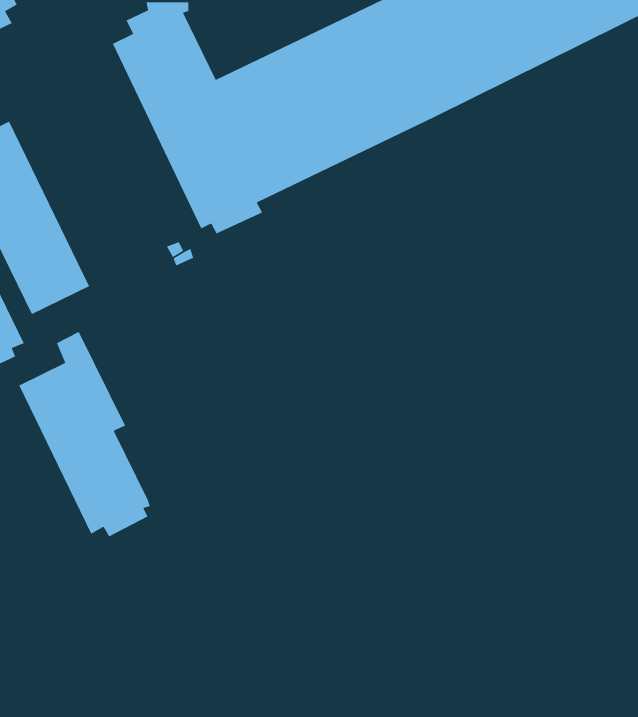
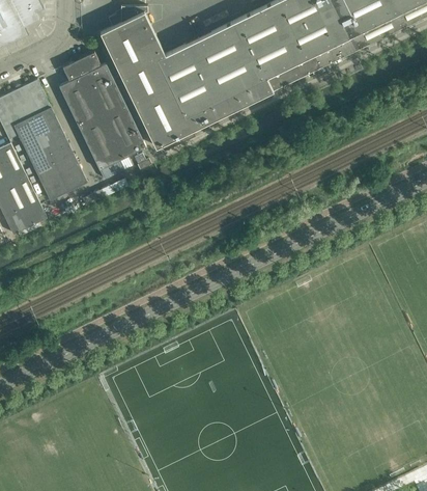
building: none -> [58,51,145,179]
building: [18,331,151,538] -> none

